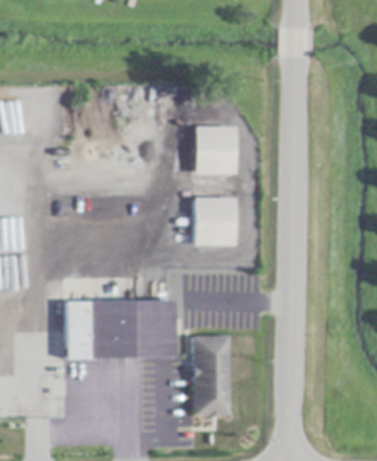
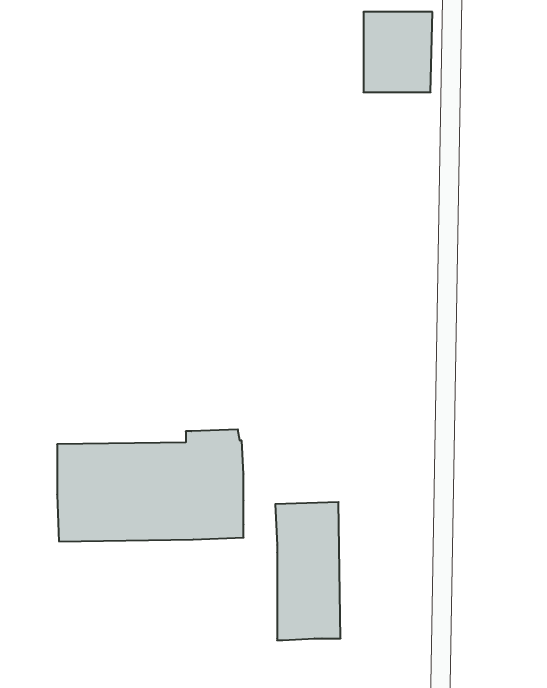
building: [196,126,236,173] -> [363,12,432,92]
building: [194,197,235,245] -> none

